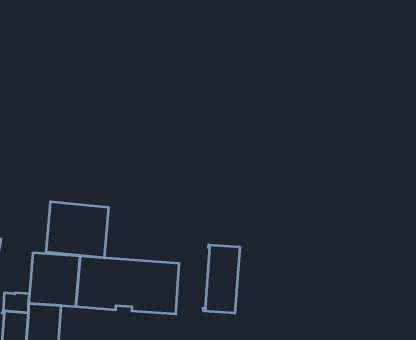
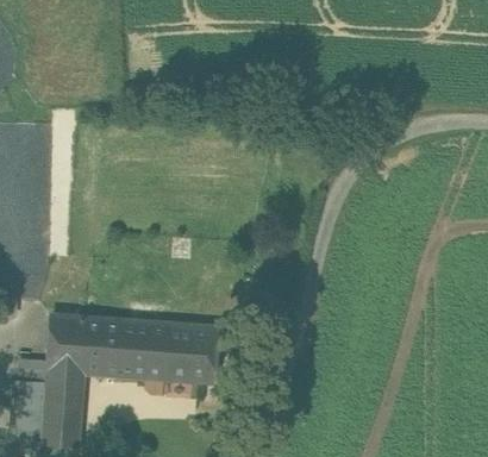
building: [46,202,108,258] -> none
building: [203,245,240,313] -> none

